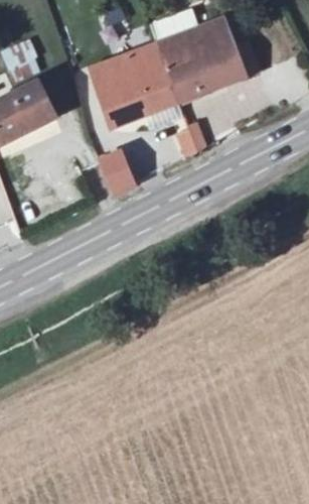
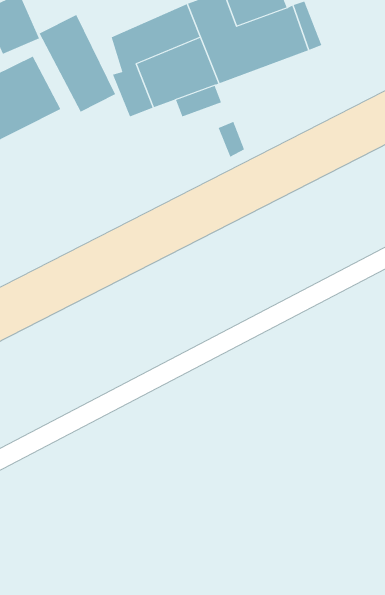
building: none -> [39,14,116,113]
building: [100,149,134,193] -> none

